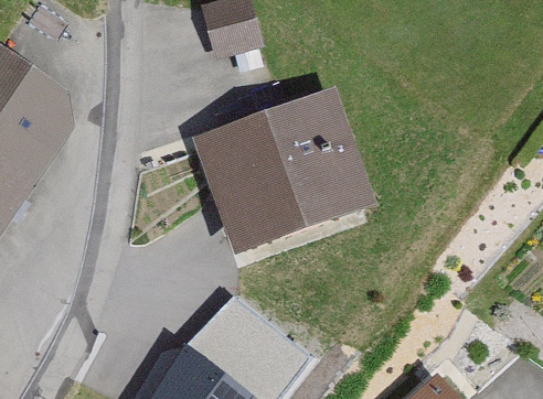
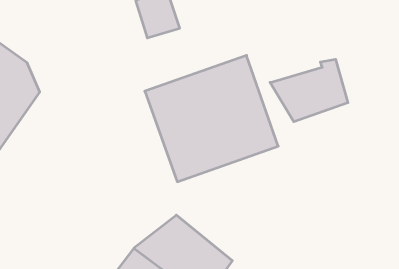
building: none -> [270,59,348,122]

